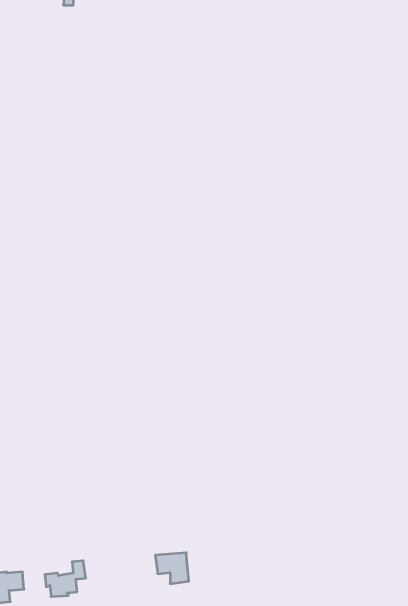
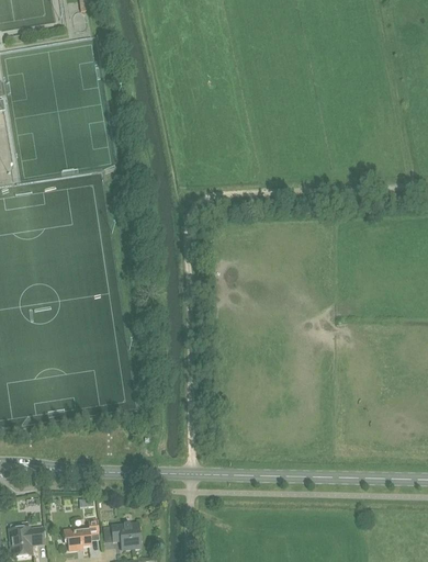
building: [155,553,189,584] -> [110,522,139,550]

